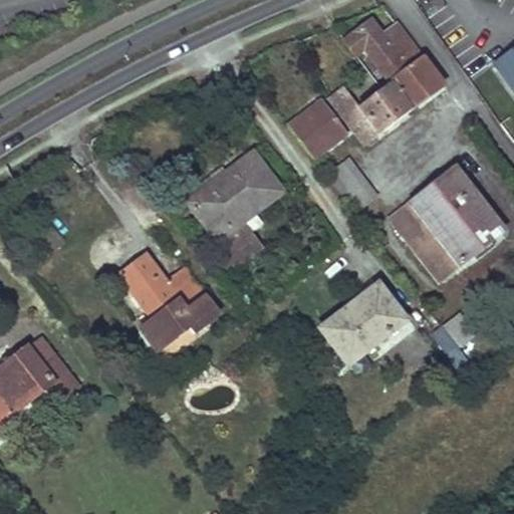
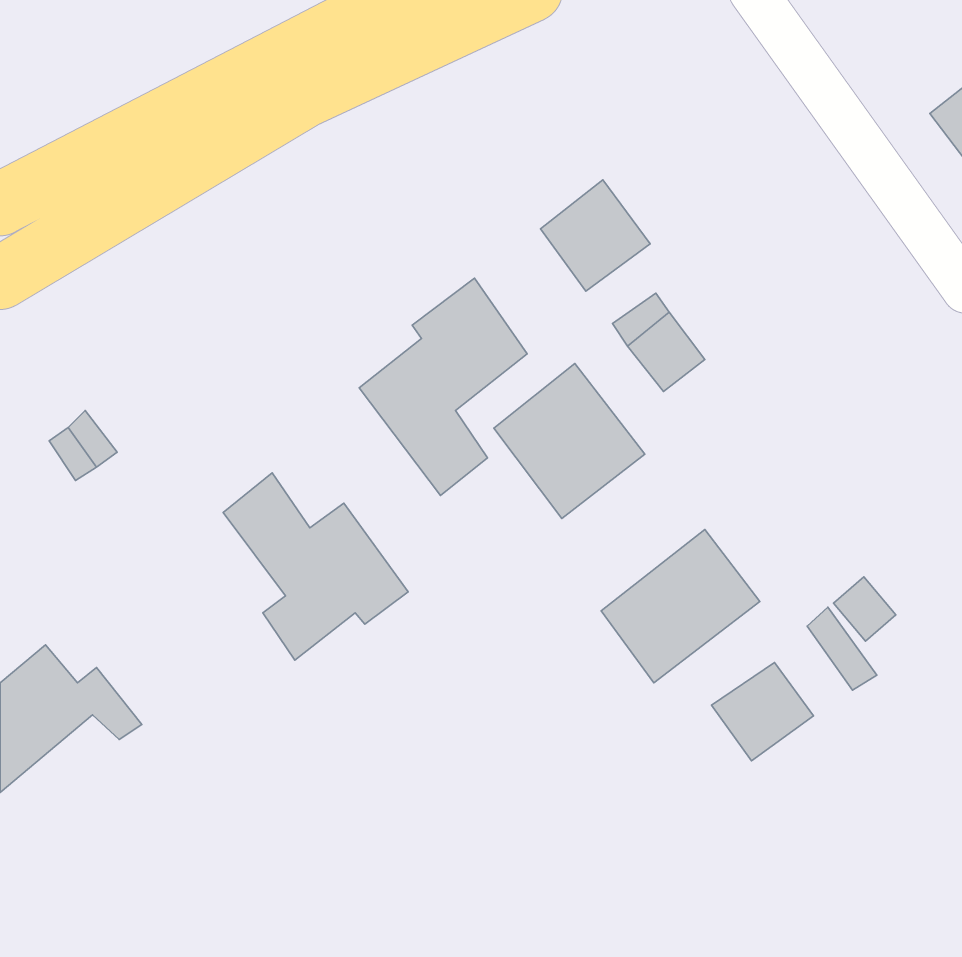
building: [342,15,446,140] -> none
building: [394,167,504,277] -> none
building: none -> [494,363,645,519]
building: none -> [712,663,814,761]

